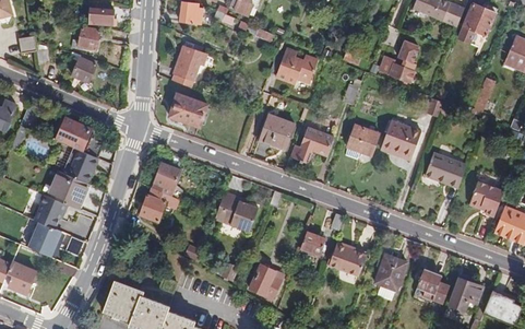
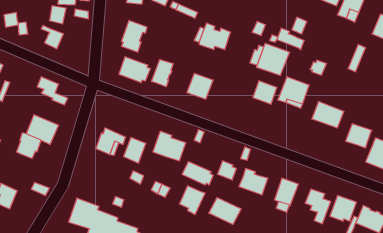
building: none -> [256,43,289,76]
building: none -> [152,59,173,87]
building: [288,126,333,163] -> none
building: [62,146,97,183] -> none
building: [151,162,180,196] -> [124,138,146,163]
building: [27,221,60,256] -> none
building: none -> [182,162,213,185]
building: none -> [209,198,241,224]

